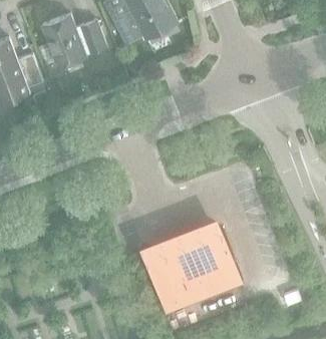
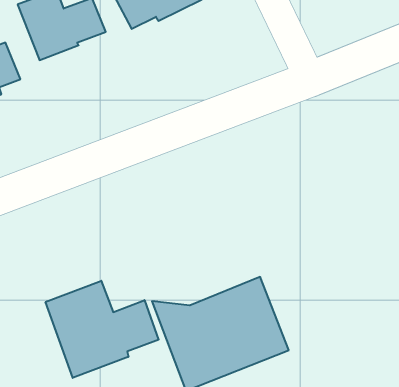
building: none -> [46,281,159,378]

